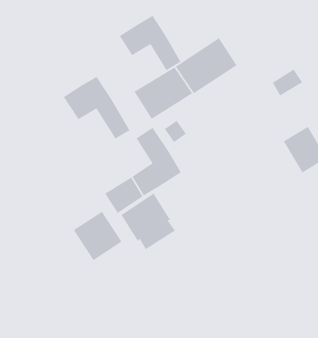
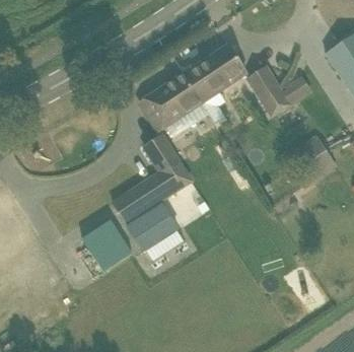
building: [119,15,182,71] -> none
building: none -> [249,67,281,101]
building: [63,76,130,140] -> none

